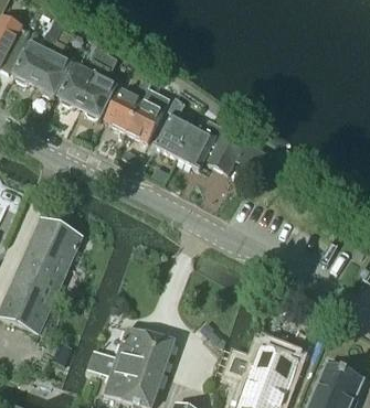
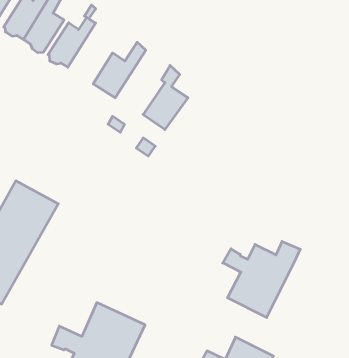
building: [78,49,116,117] -> none
building: [126,83,169,140] -> none
building: [176,120,269,171] -> none
building: none -> [223,241,300,318]

